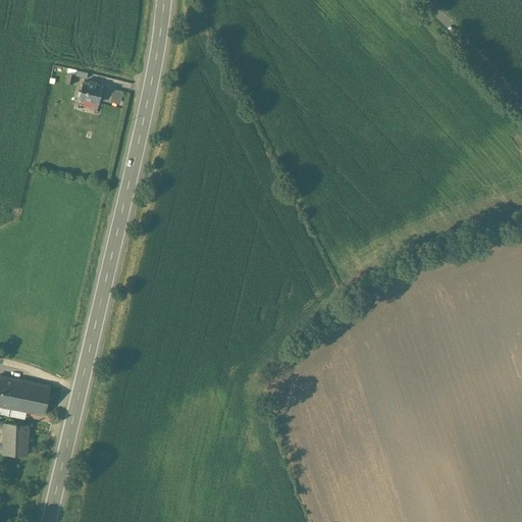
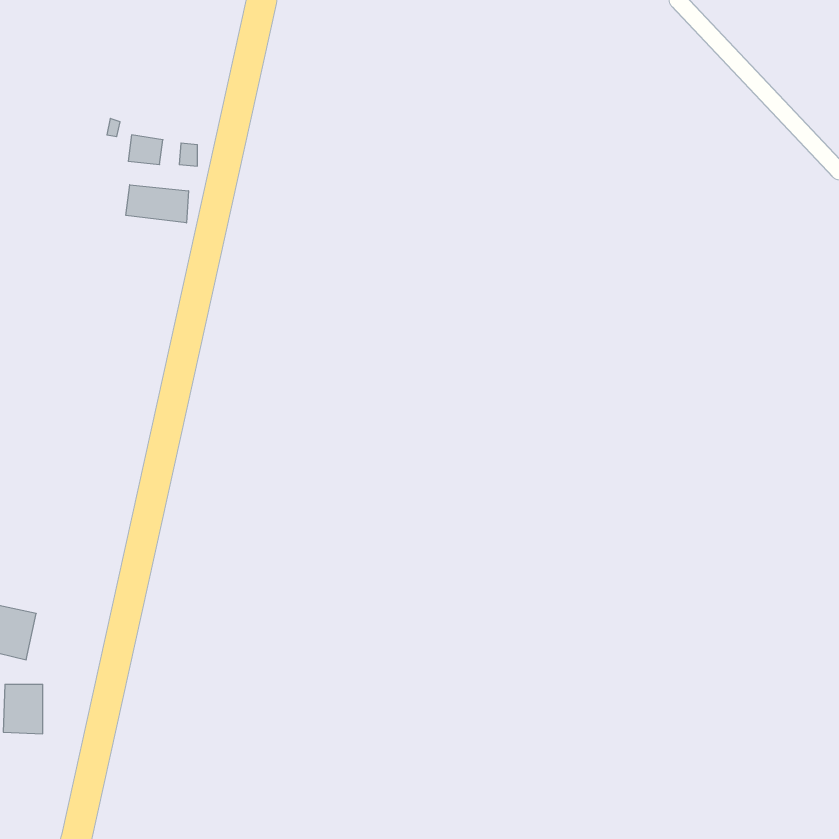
building: none -> [126,185,188,223]
building: [16,381,49,415] -> none

